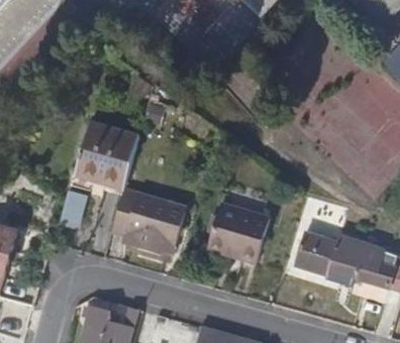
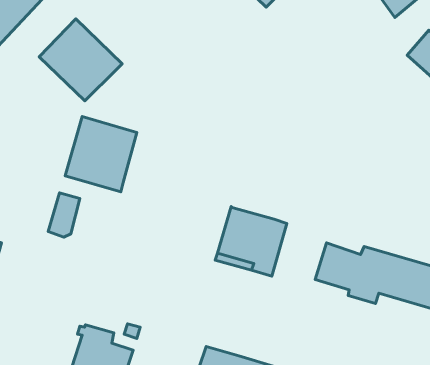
building: none -> [39,19,122,101]
building: [111,187,187,253] -> none

